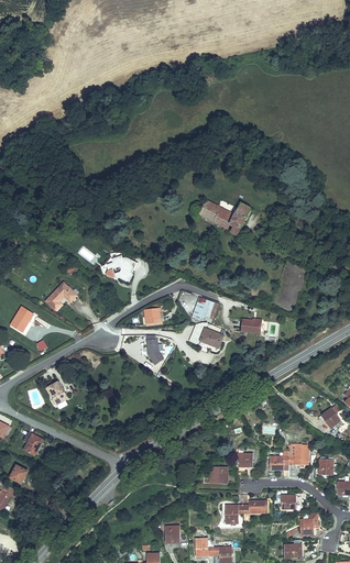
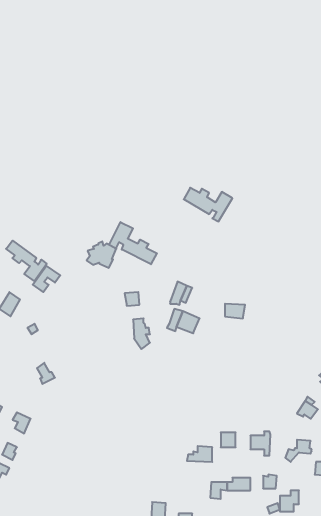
building: none -> [109,222,157,264]
building: none -> [6,241,47,281]
building: [288,445,310,478] -> none

